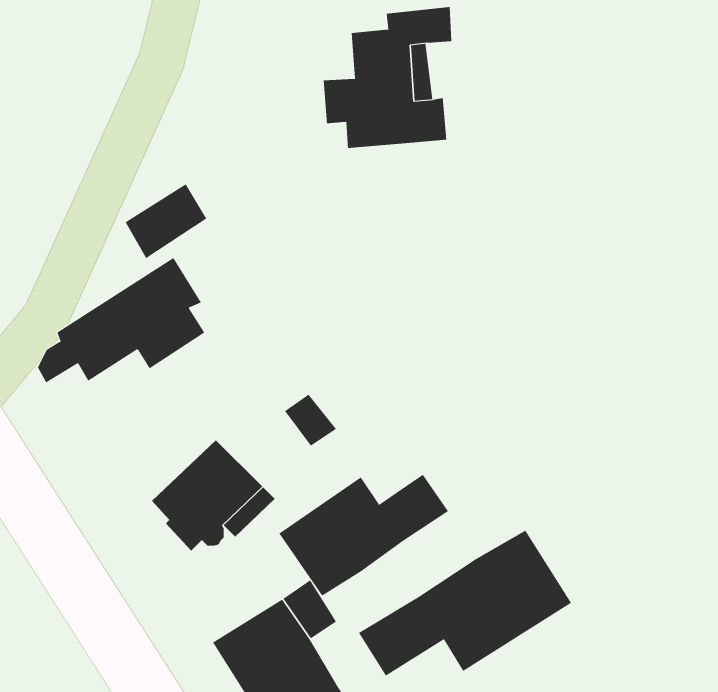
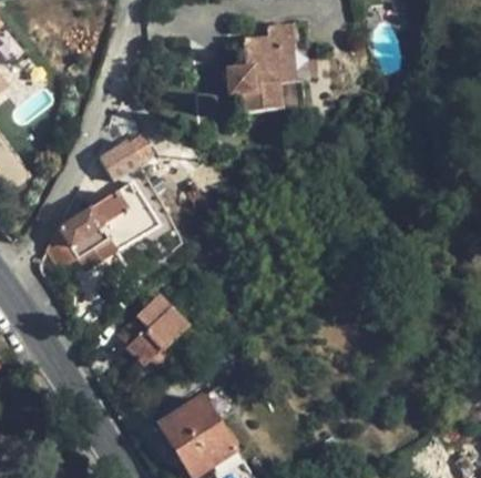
building: [278,474,449,596] -> none
building: [358,530,572,676] -> none

